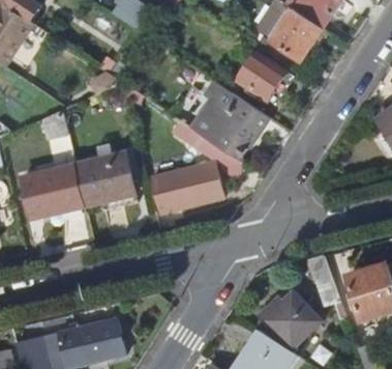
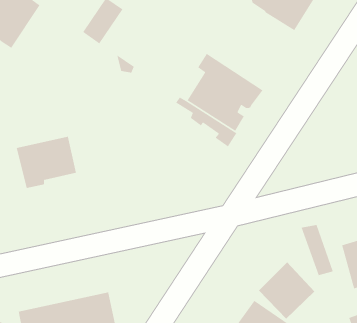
building: [237,53,284,101] -> none
building: [74,153,133,205] -> none
building: [151,163,222,214] -> none

